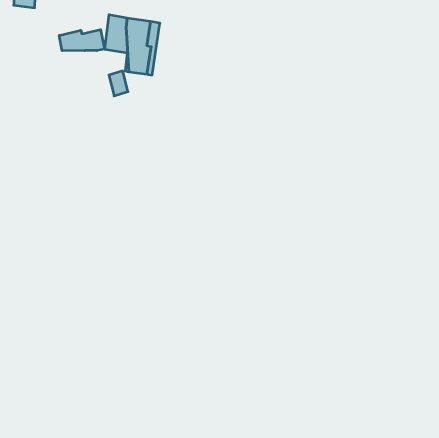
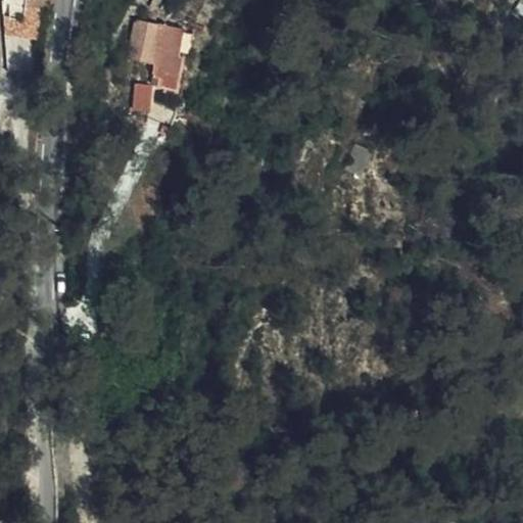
building: [59,30,105,51] -> none

